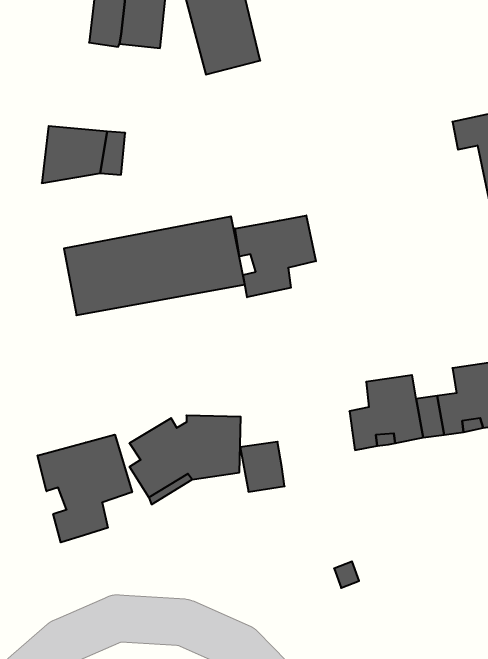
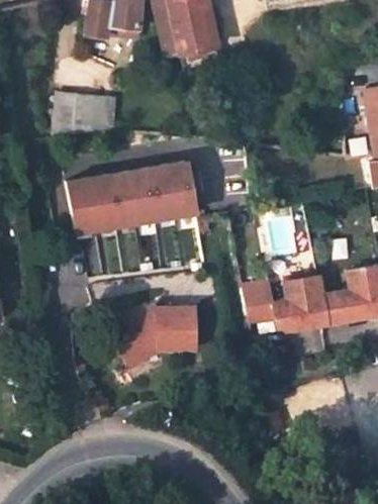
building: [235,215,316,297] -> none
building: [38,435,132,542] -> none
building: [240,442,285,492] -> [244,285,276,321]

